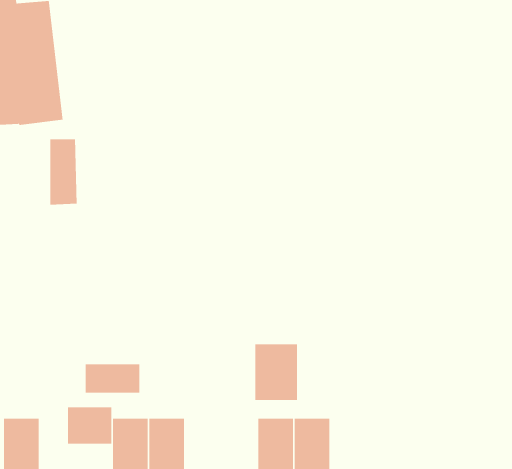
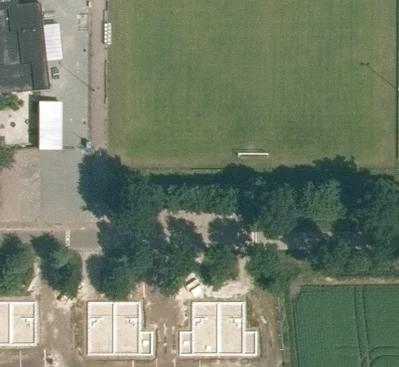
building: [255,343,298,401] -> none
building: [85,363,140,393] -> none
building: [67,406,112,445] -> none

